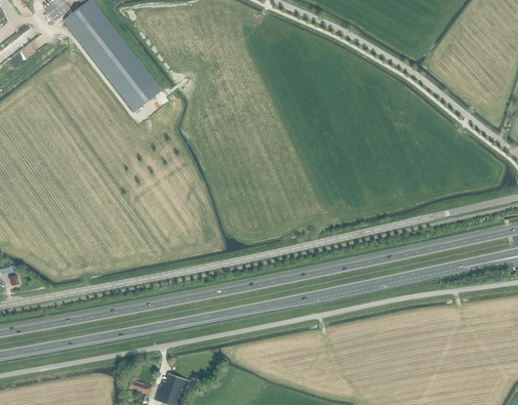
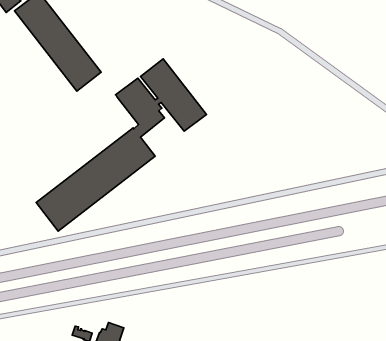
building: none -> [36,59,206,231]

